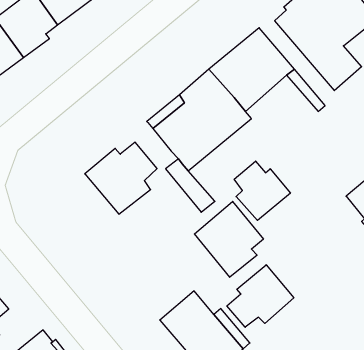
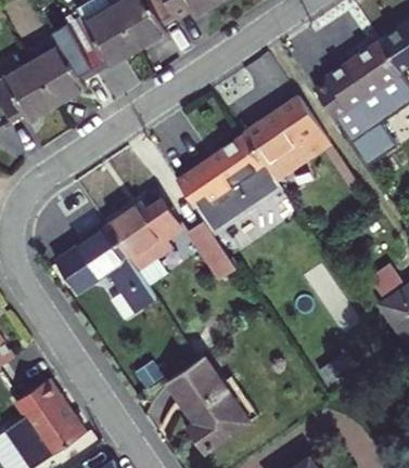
building: [234,161,290,220] -> none
building: none -> [56,226,155,313]
building: [194,201,263,277] -> none
building: [227,265,294,327] -> none

